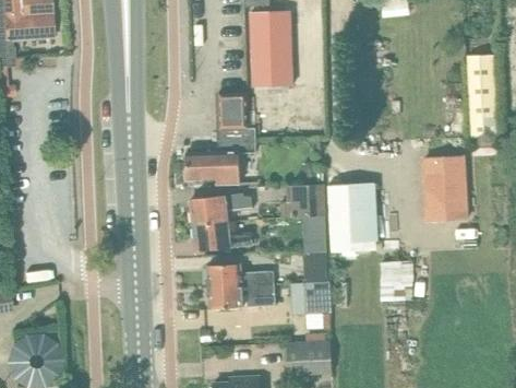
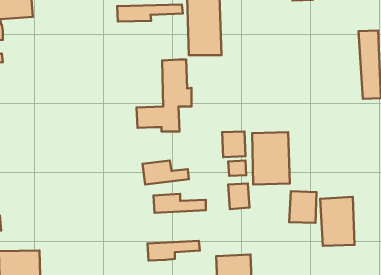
building: none -> [117,4,183,22]
building: [422,157,466,220] -> [320,197,354,246]
building: [190,193,251,225] -> none
building: [303,281,331,314] -> none
building: [207,284,274,309] -> [148,241,200,261]

